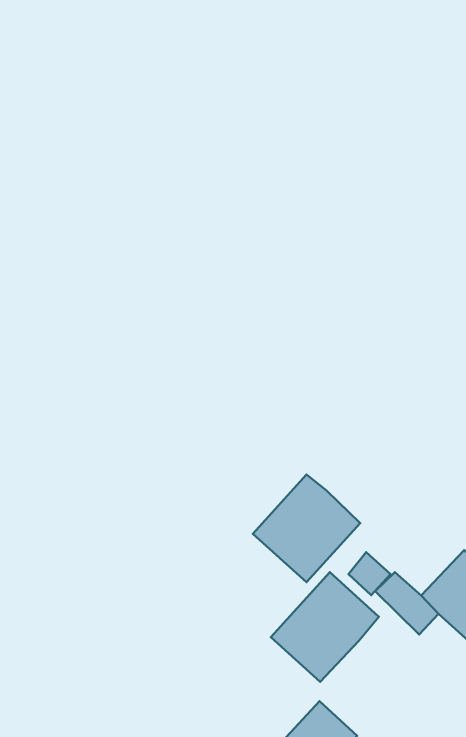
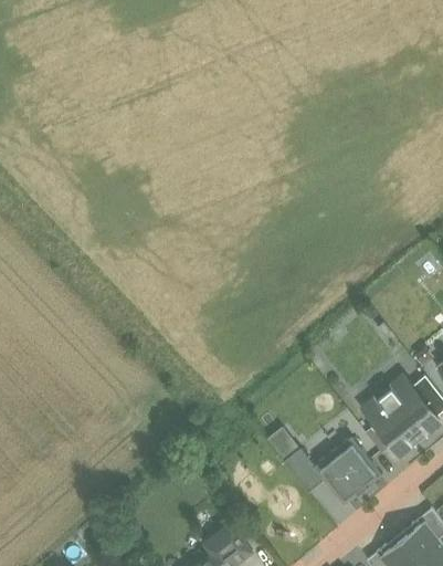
building: [253,475,360,582] -> none
building: [271,572,379,682] -> none

